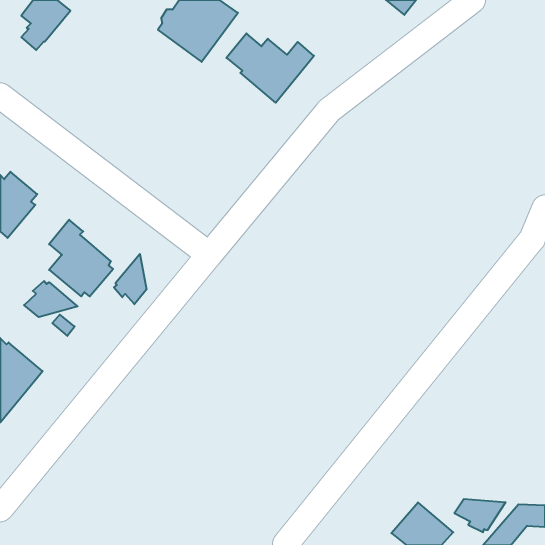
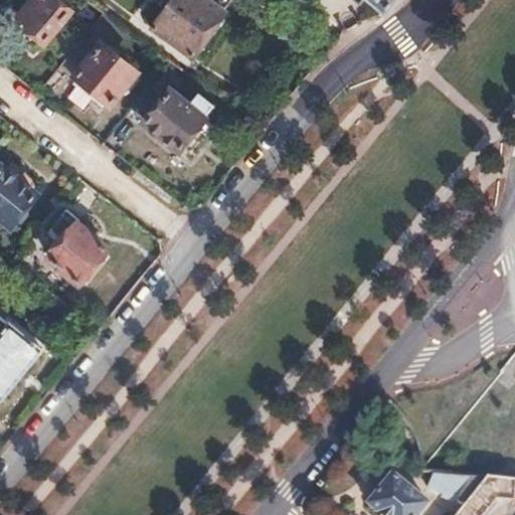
building: [226,33,314,103] -> [131,84,213,150]
building: none -> [74,44,134,106]
building: [114,254,146,304] -> none
building: [24,281,78,317] -> none

